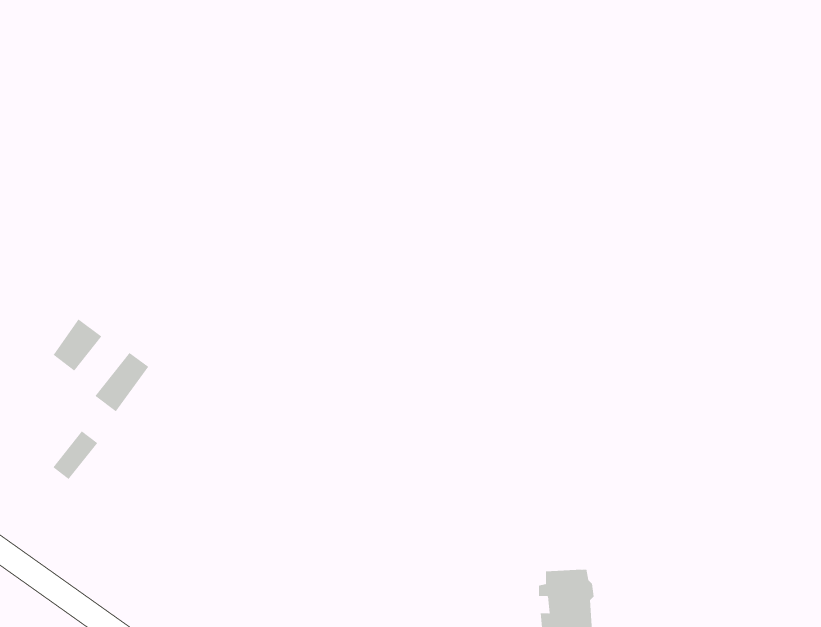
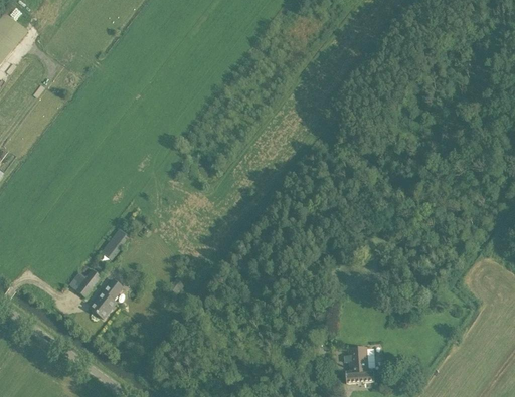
building: [53,318,102,371] -> none
building: none -> [89,278,121,318]

